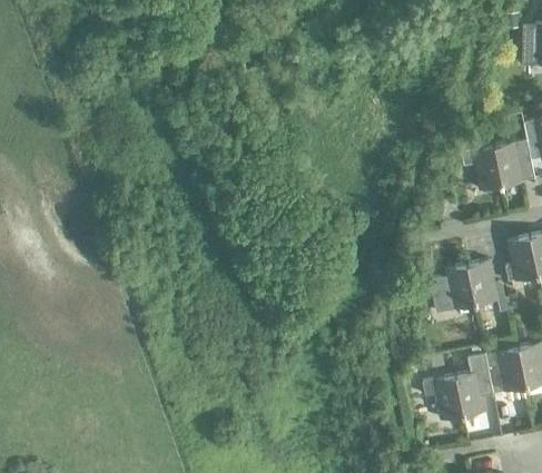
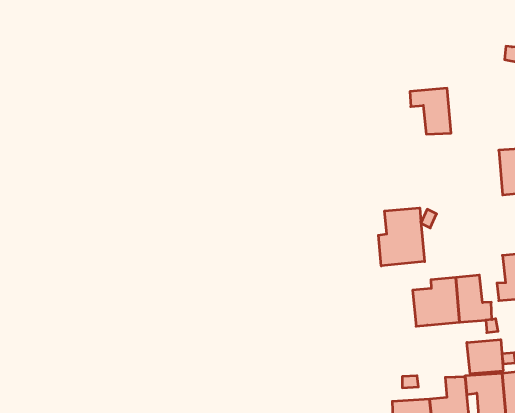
building: [463,147,504,190] -> [410,88,451,134]
building: none -> [378,208,425,266]
building: none -> [467,340,503,374]

